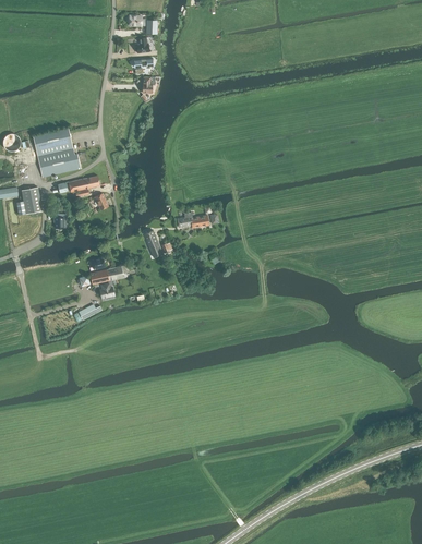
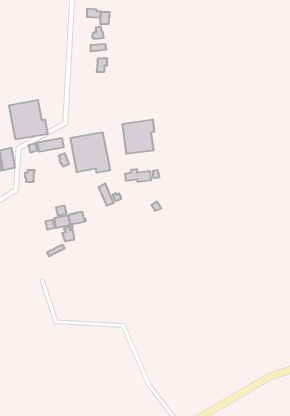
building: none -> [123,119,154,154]
building: none -> [71,132,110,173]

